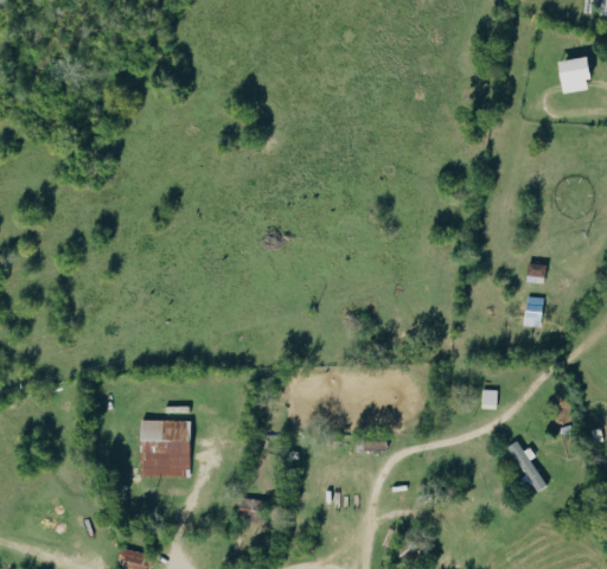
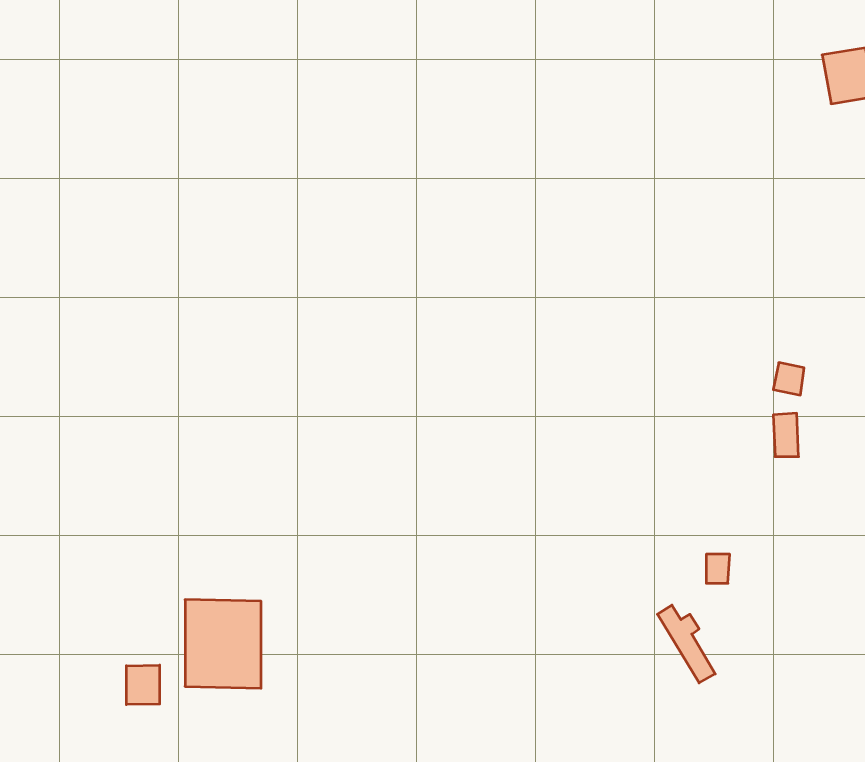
building: [507,440,545,491] -> [657,605,715,683]
building: none -> [126,665,160,705]

